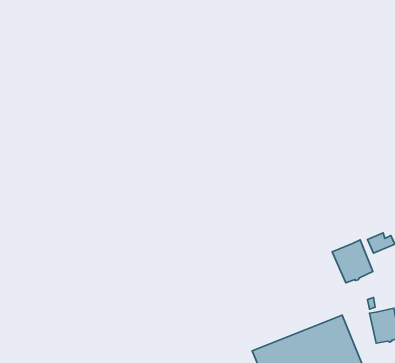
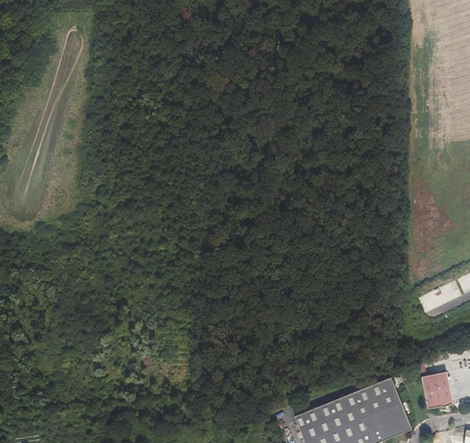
building: [332,240,373,283] -> none

